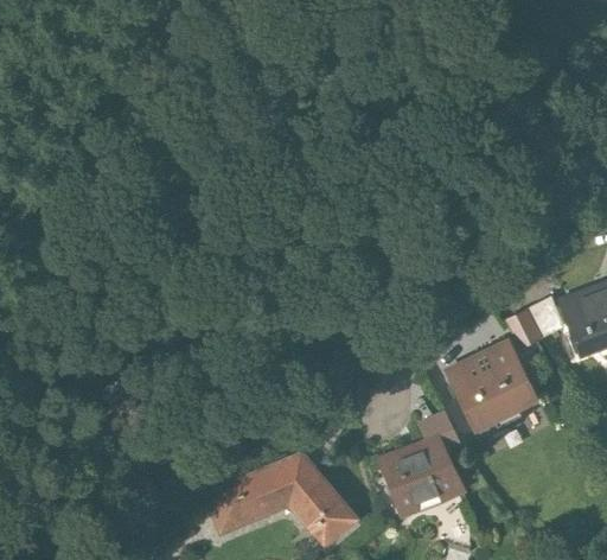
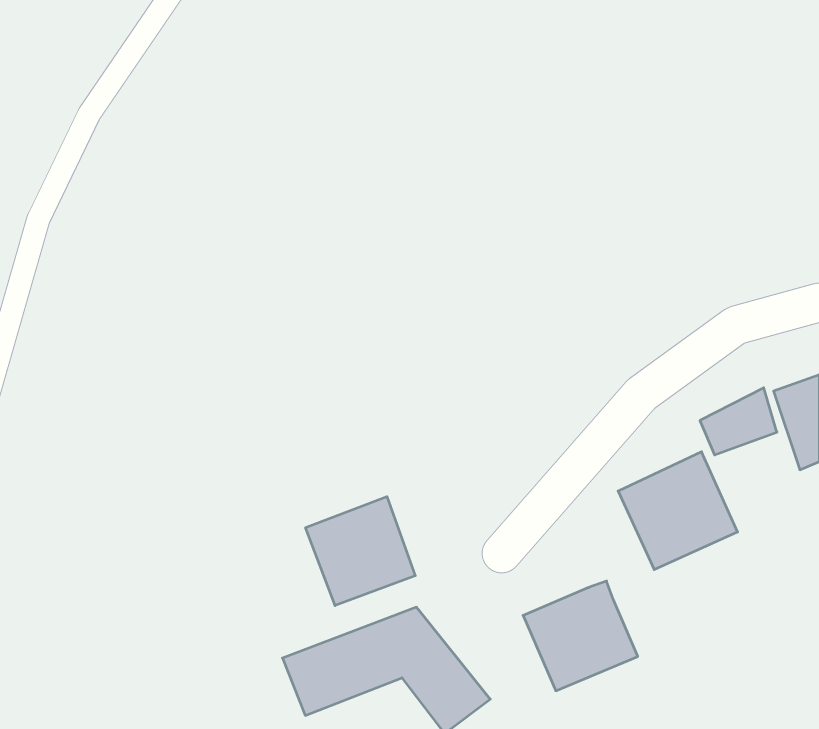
building: none -> [306,497,415,606]
building: [420,413,459,448] -> none

